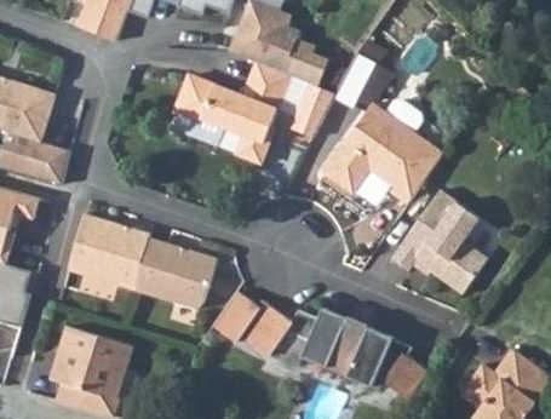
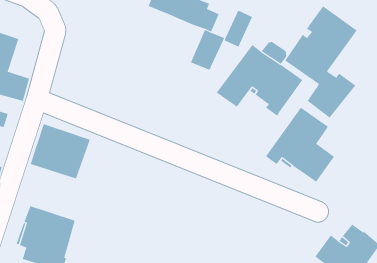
building: none -> [284,6,358,118]
building: [173,63,289,163] -> none
building: [131,239,217,310] -> none
building: [210,291,427,398] -> none

